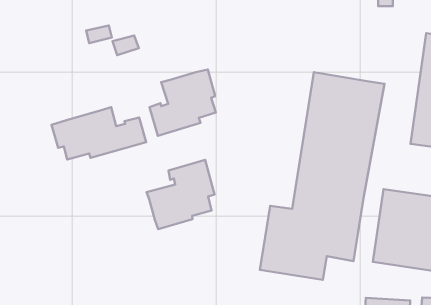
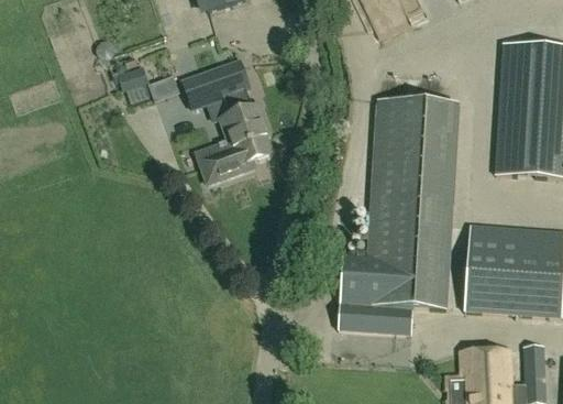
building: none -> [185,67,249,120]
building: [51,107,146,159] -> none
building: [147,160,215,229] -> none

